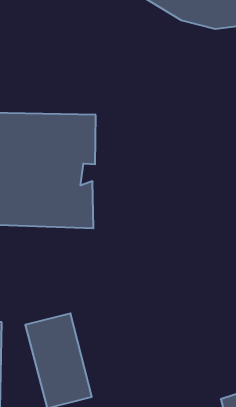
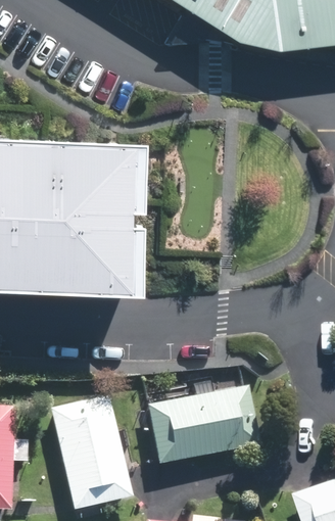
building: none -> [135,397,251,473]

